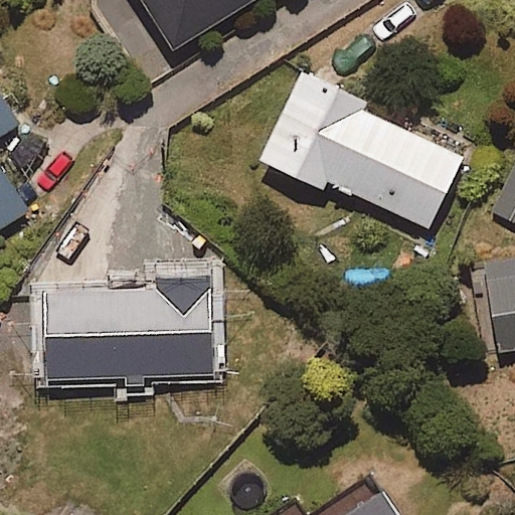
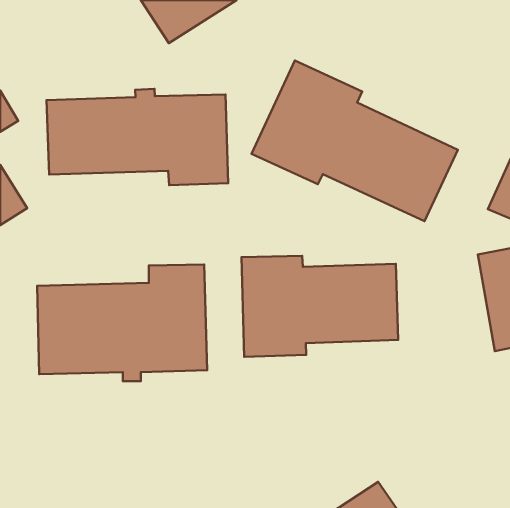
building: none -> [47,89,228,185]
building: none -> [241,256,398,357]

